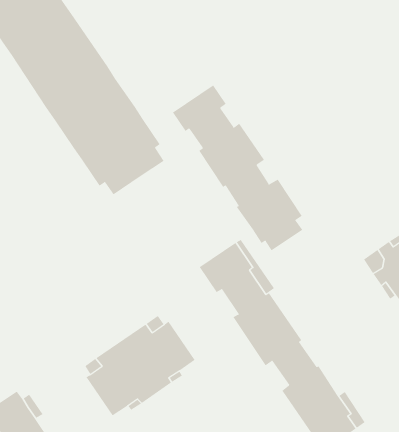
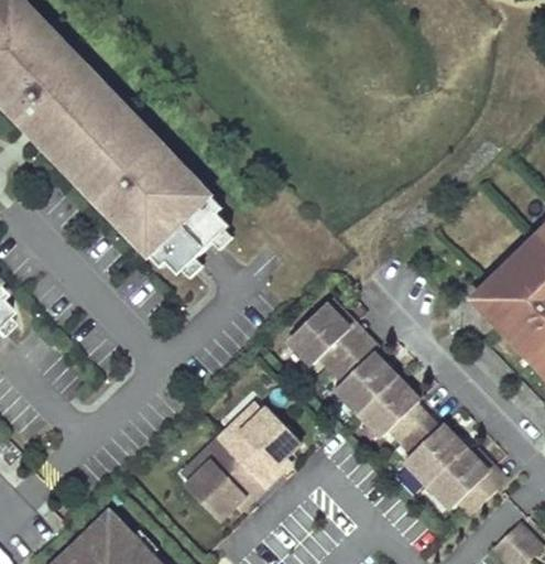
building: [172,84,303,251] -> none

